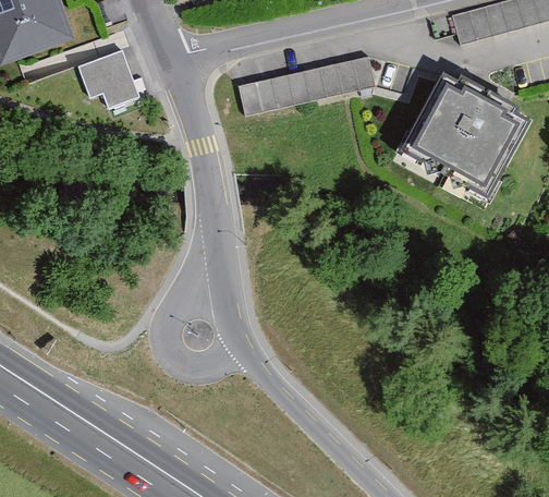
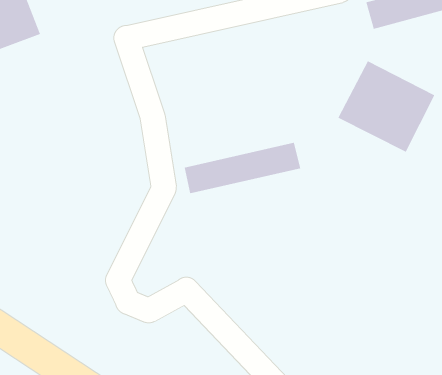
building: [83,51,137,102] -> none
building: [235,54,371,114] -> [184,142,301,194]

